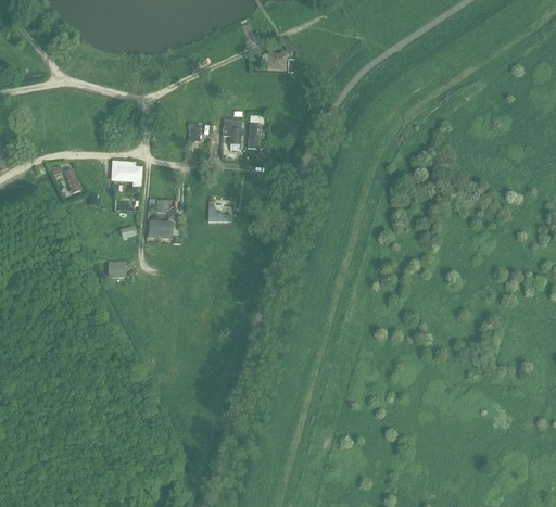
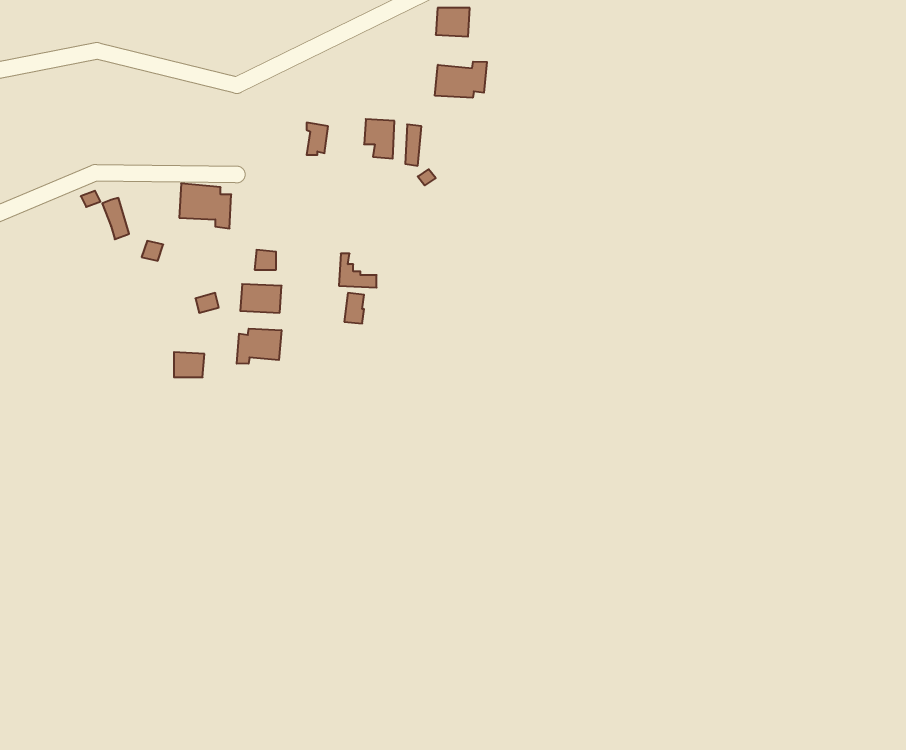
building: none -> [435,62,487,98]
building: none -> [237,329,281,364]

